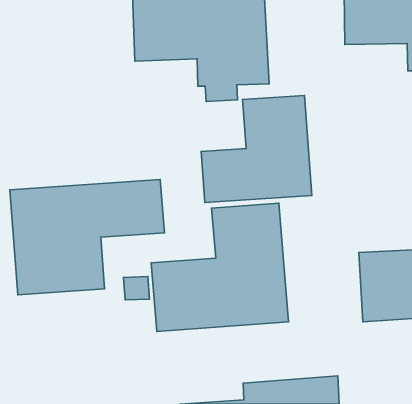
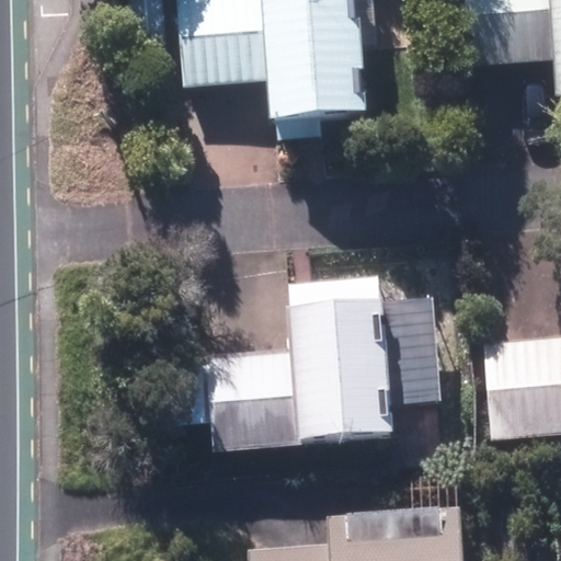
building: [201,95,312,203] -> none
building: [10,180,164,295] -> none

